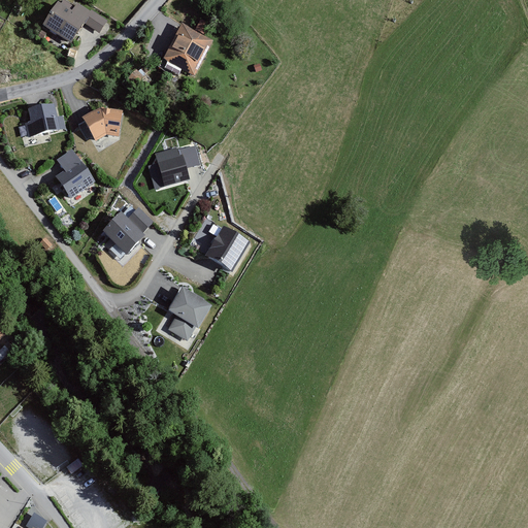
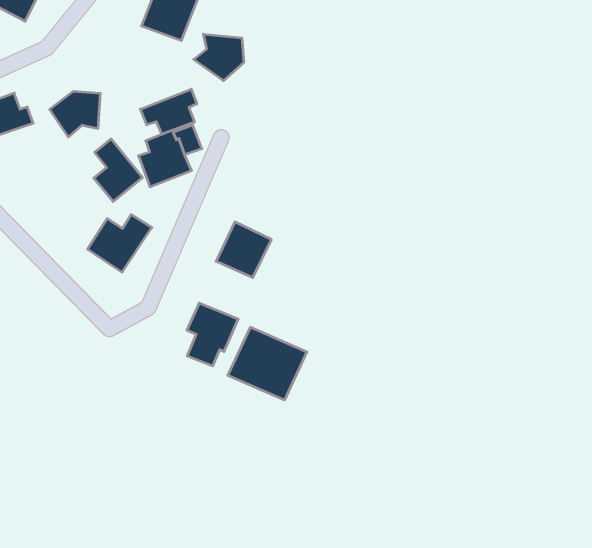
building: none -> [194,34,244,81]
building: none -> [140,89,197,134]
building: [53,148,92,199] -> [94,139,142,202]
building: none -> [228,327,307,400]

